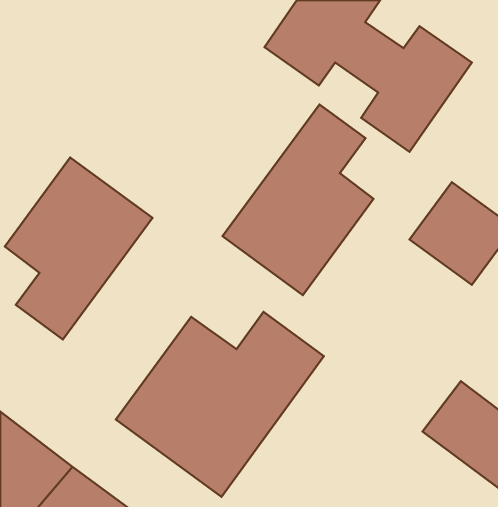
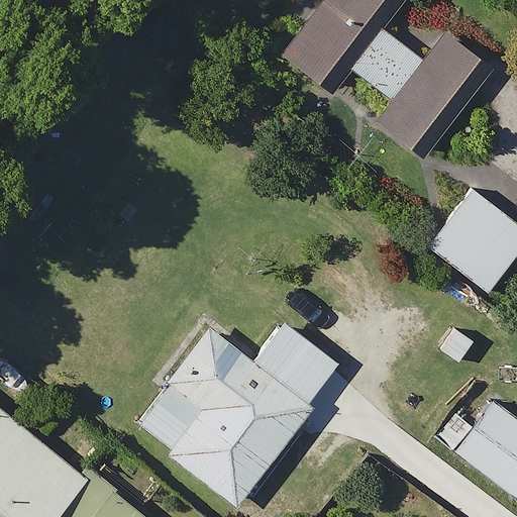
building: [223,105,374,295] -> none
building: [5,158,152,339] -> none

